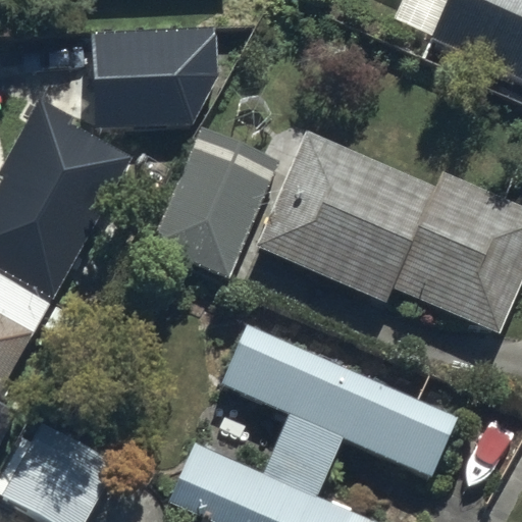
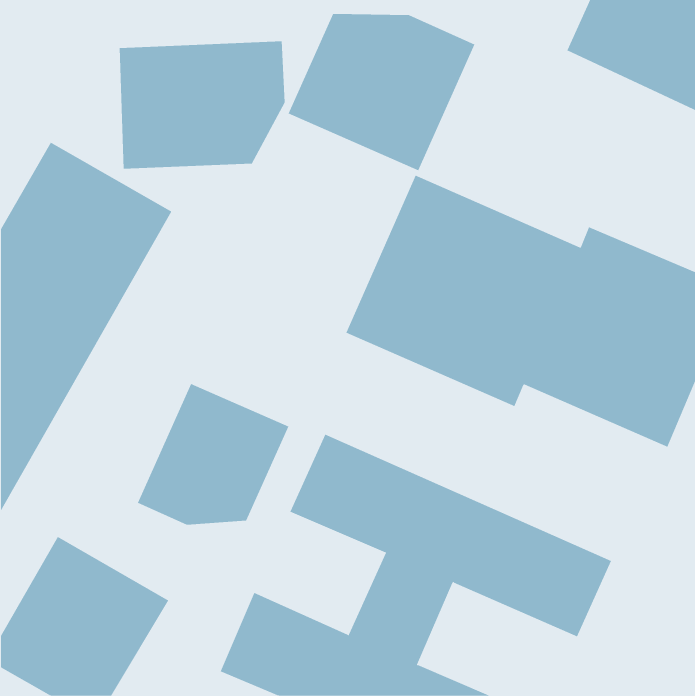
building: none -> [288,13,475,171]
building: [149,123,279,280] -> none
building: none -> [137,383,289,526]

